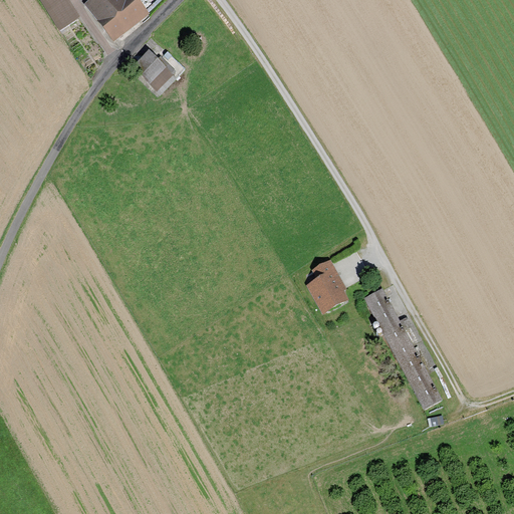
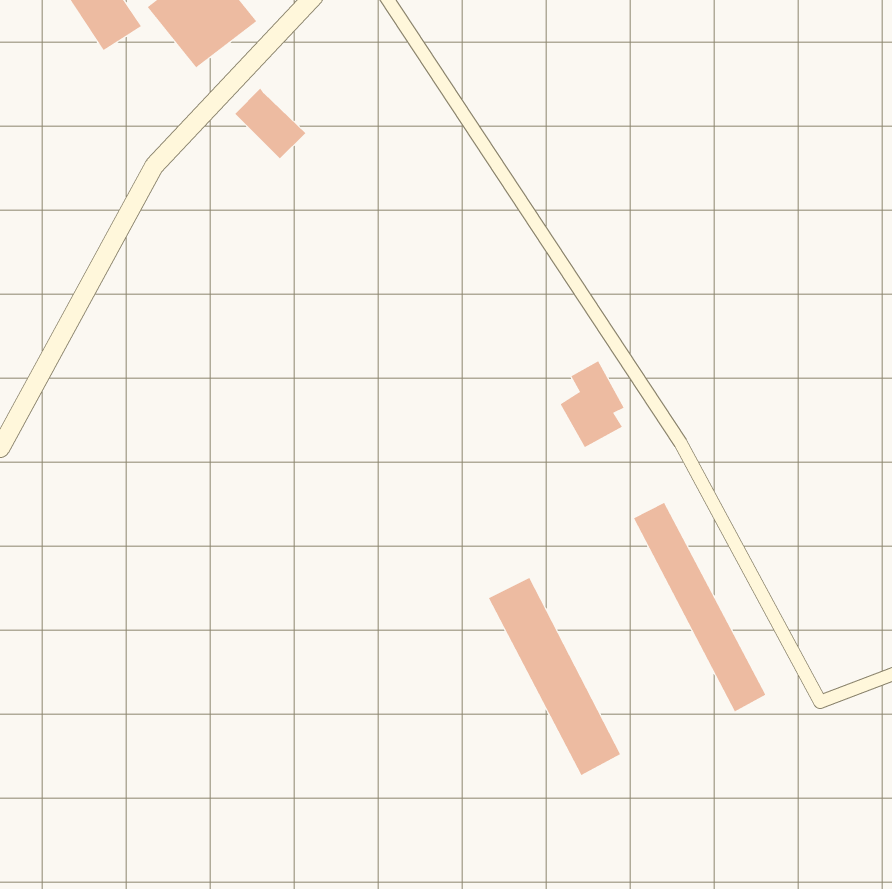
building: [307,261,344,311] -> [560,360,625,448]
building: none -> [488,577,621,776]

